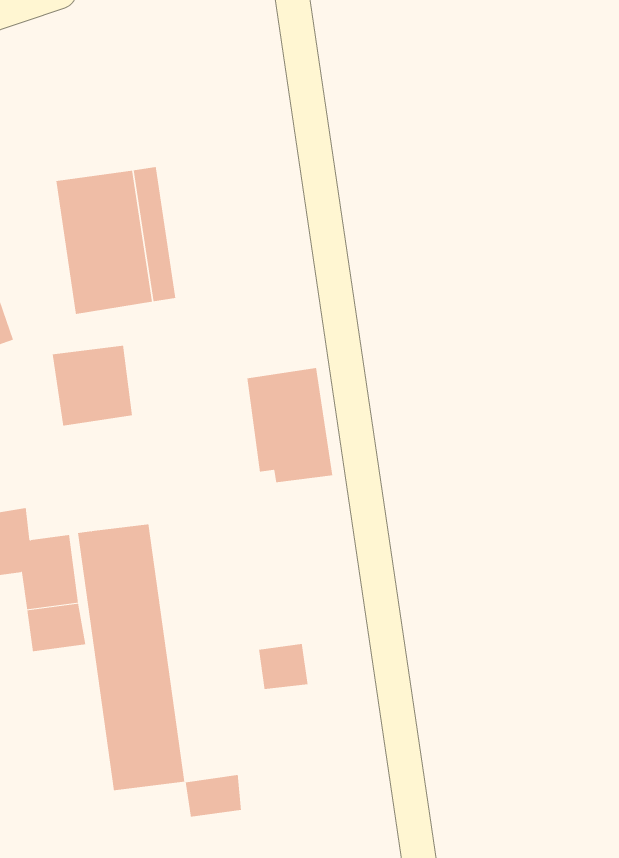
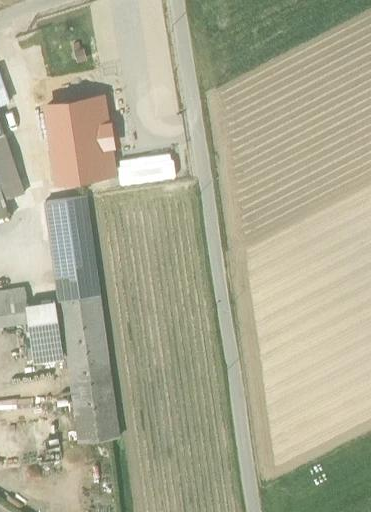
building: [247,367,333,483] -> [50,235,98,299]
building: [259,643,308,690] -> none
building: [185,774,242,818] -> none

